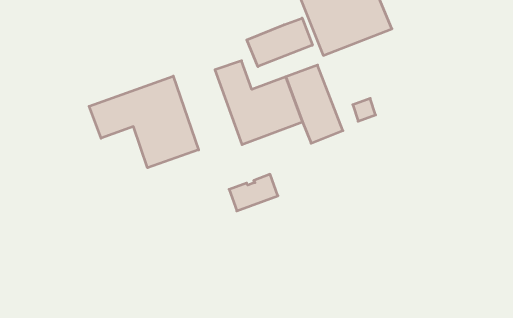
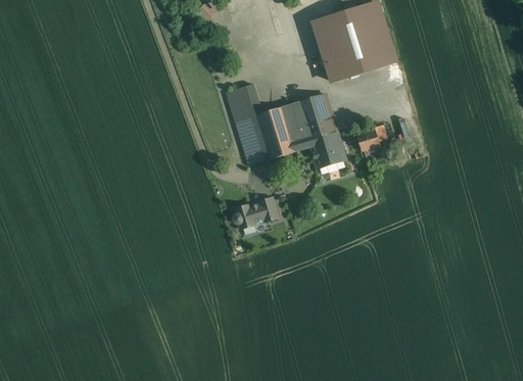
building: [247,18,312,67] -> none
building: [89,76,199,168] -> none

